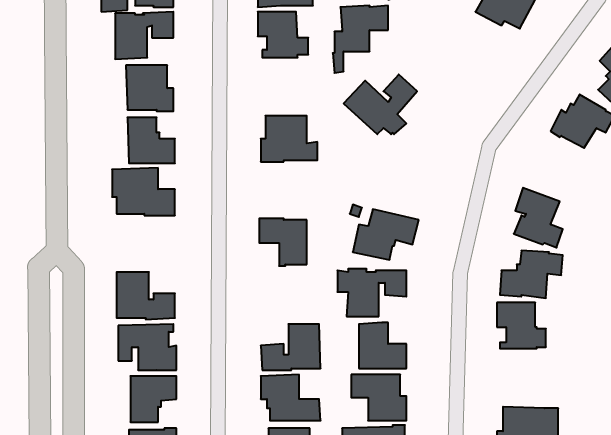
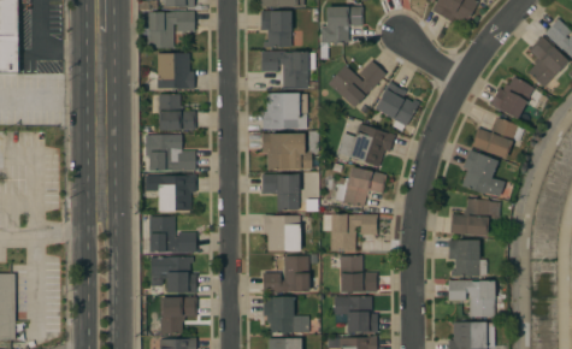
building: none -> [261,51,314,89]
building: none -> [375,81,419,131]
building: none -> [470,117,524,159]
building: none -> [337,123,395,166]
building: none -> [261,130,319,170]
building: none -> [146,174,196,211]
building: none -> [263,214,300,252]
building: none -> [448,280,495,318]

